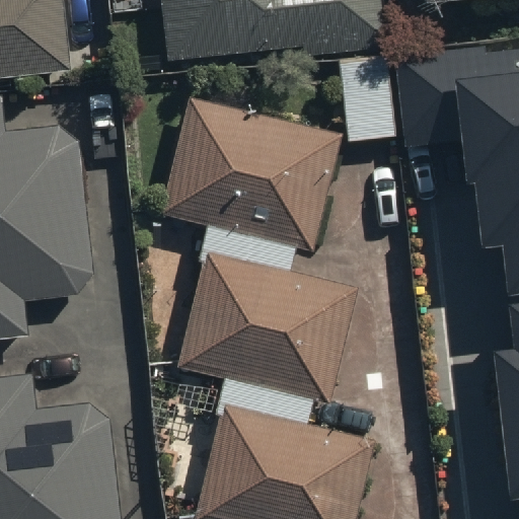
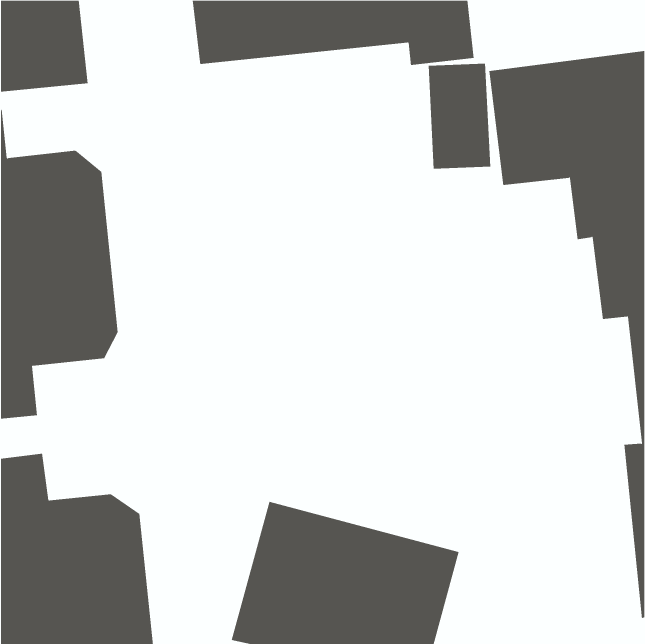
building: [153,94,340,252] -> none
building: [169,251,350,403] -> none

